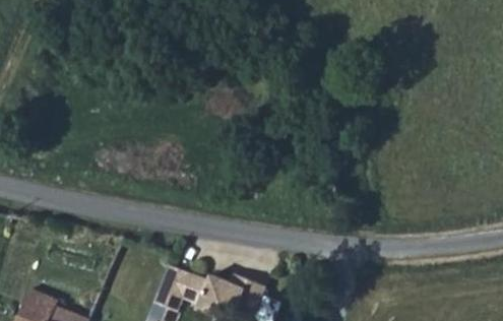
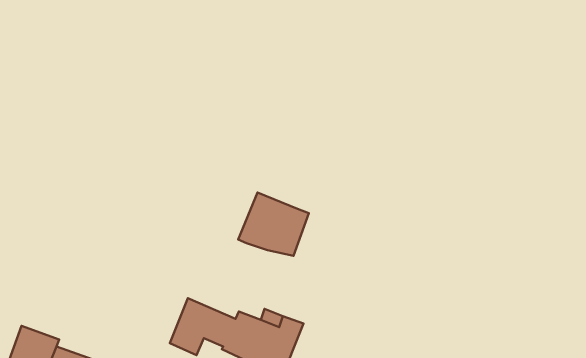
building: none -> [238,192,309,256]

